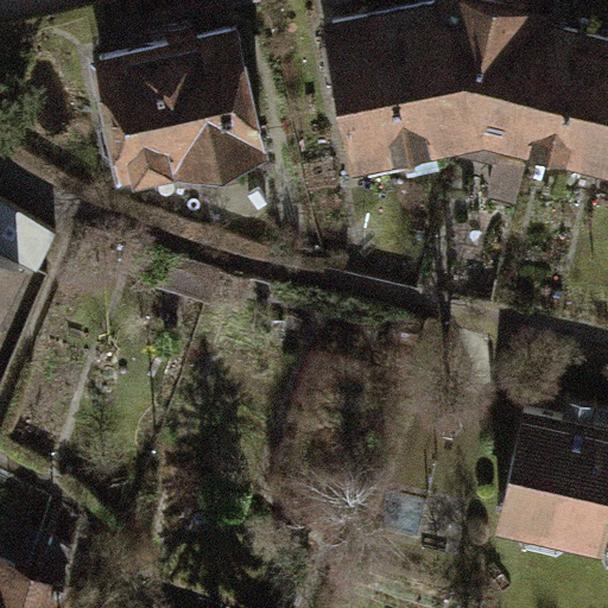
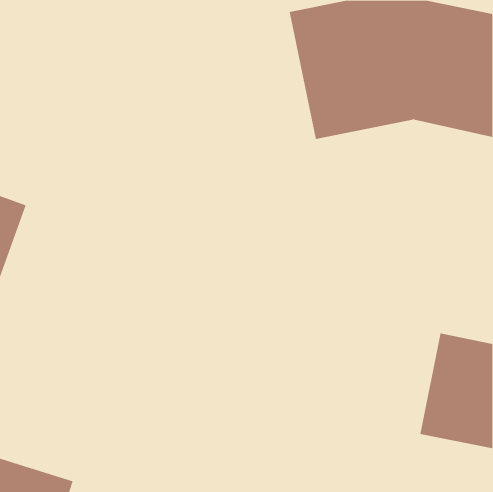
building: [88,32,258,180] -> none

